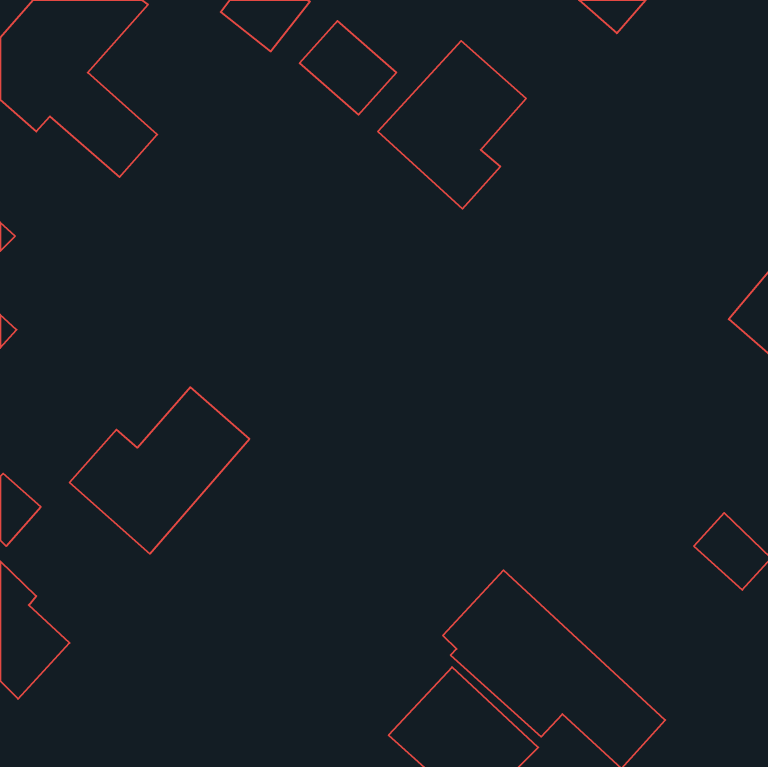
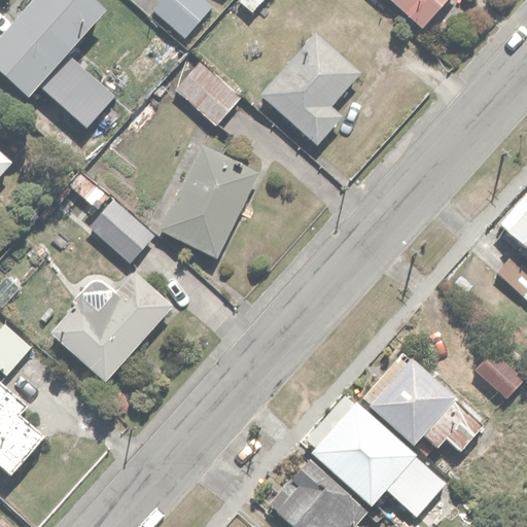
building: [300,21,396,115] -> [176,64,242,128]
building: none -> [161,146,257,257]
building: none -> [92,202,153,262]
building: none -> [362,349,480,452]

